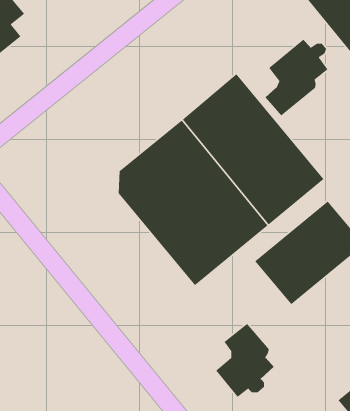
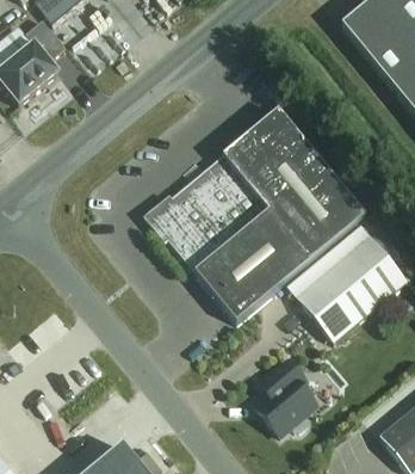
building: [265,39,328,116] -> none

